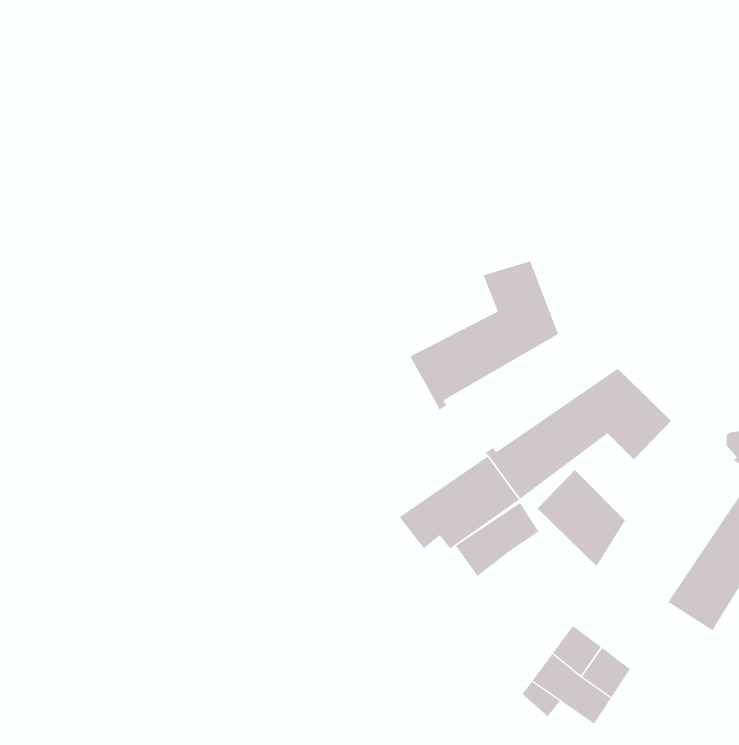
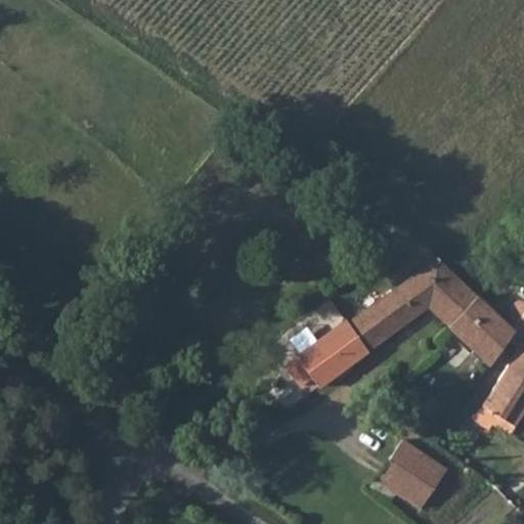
building: [409,261,559,411] -> none
building: [537,469,626,567] -> [449,296,512,364]
building: [455,502,539,577] -> none

